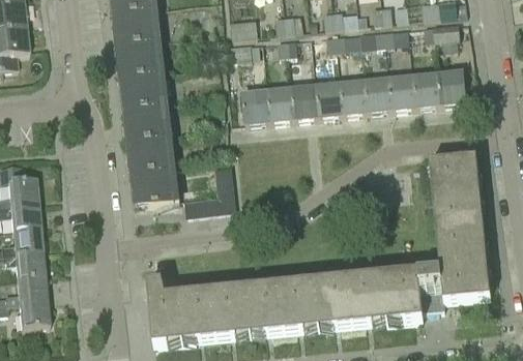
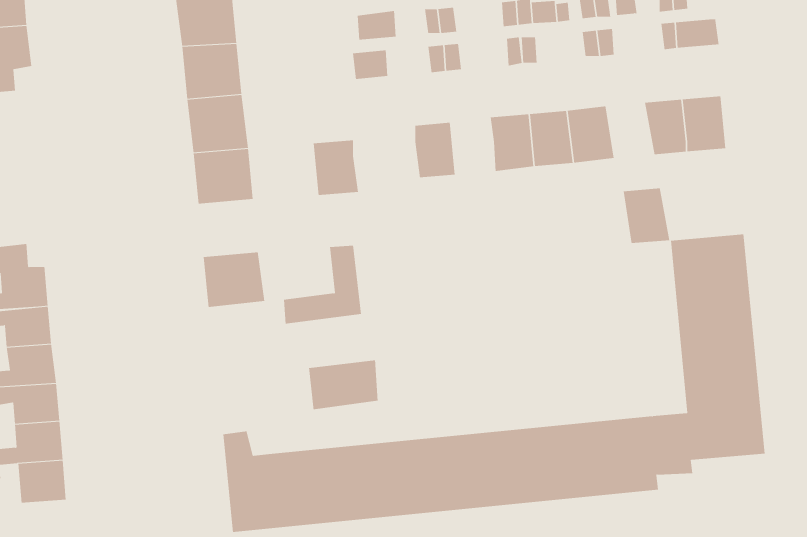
building: [389,73,419,109] -> [623,188,670,244]
building: [291,83,319,119] -> none
building: [242,88,271,123] -> [313,140,359,196]
building: [132,134,170,171] -> none
building: none -> [309,360,378,410]

